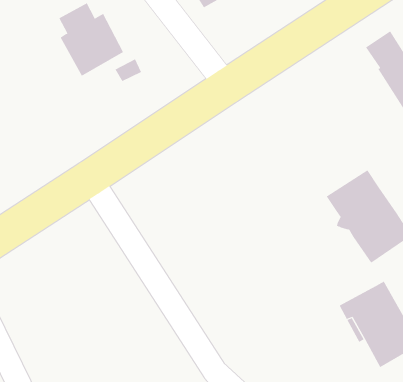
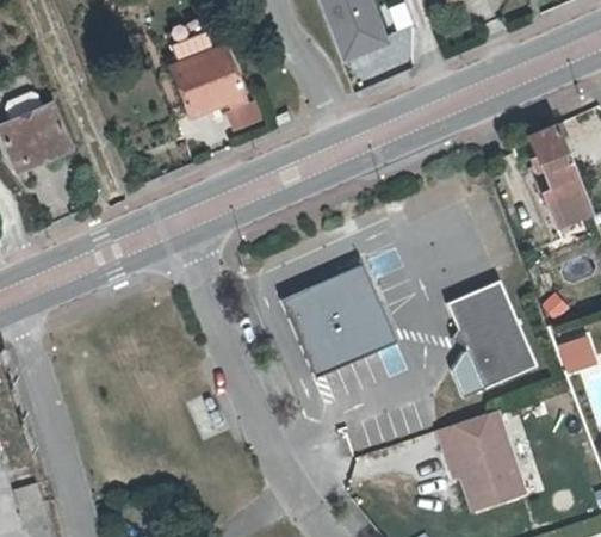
building: none -> [279,273,401,382]

